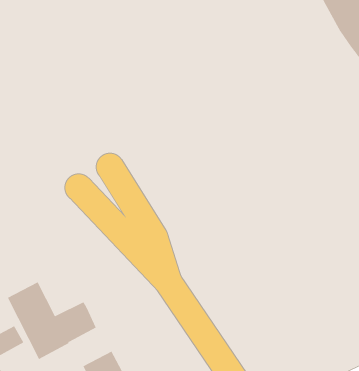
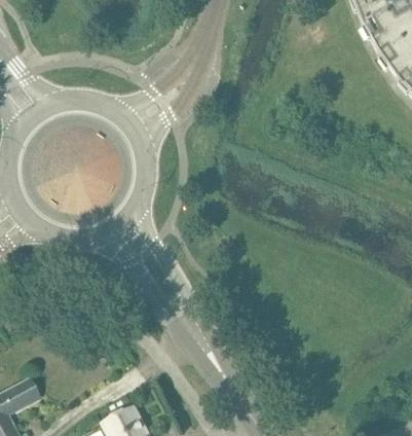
building: [7,282,96,360] -> none

